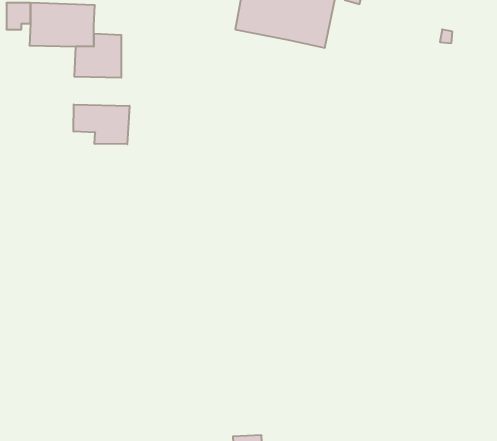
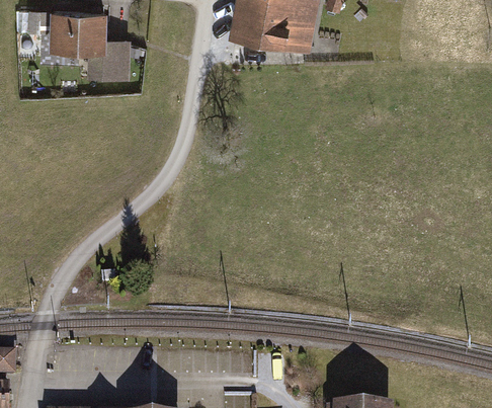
building: [74,104,129,144] -> none

